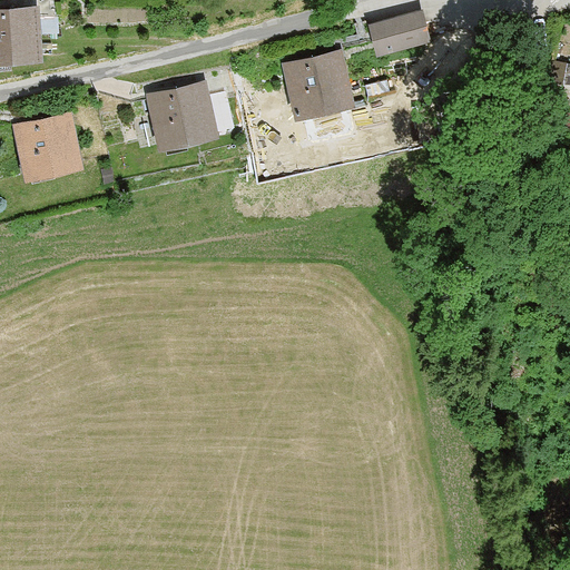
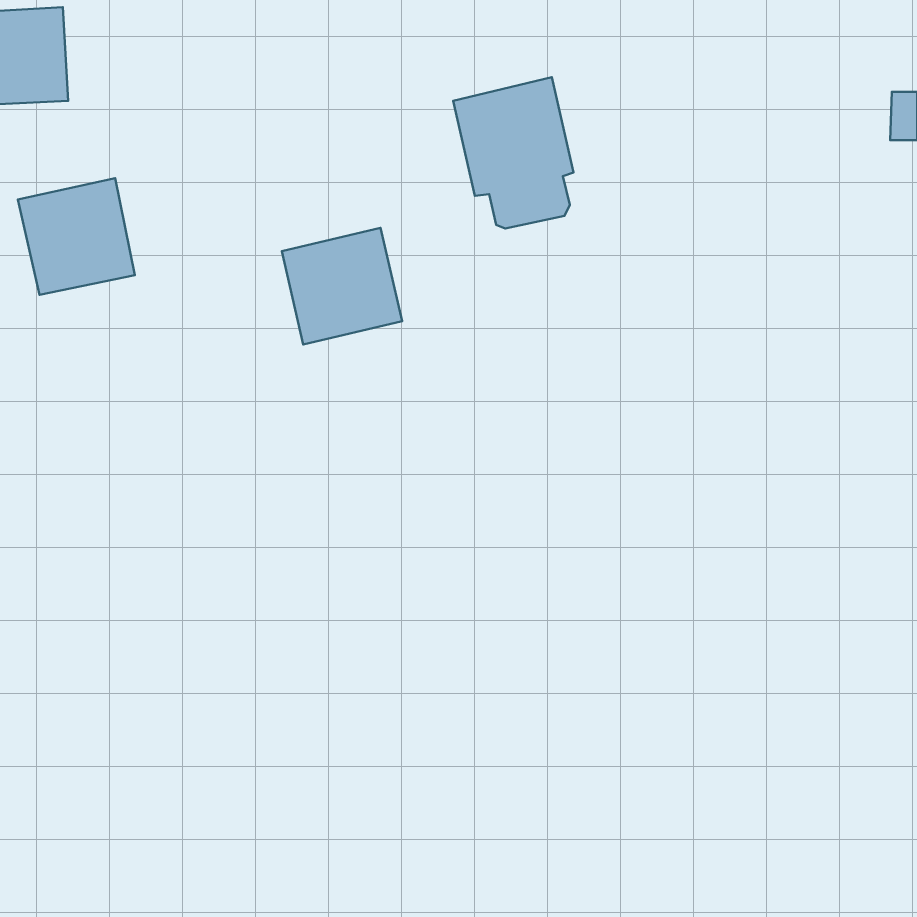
building: [367,9,430,57] -> none
building: [145,79,219,151] -> [282,228,402,345]

